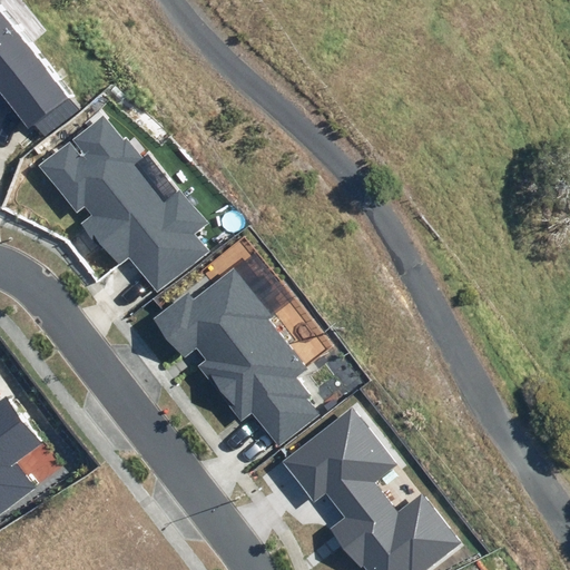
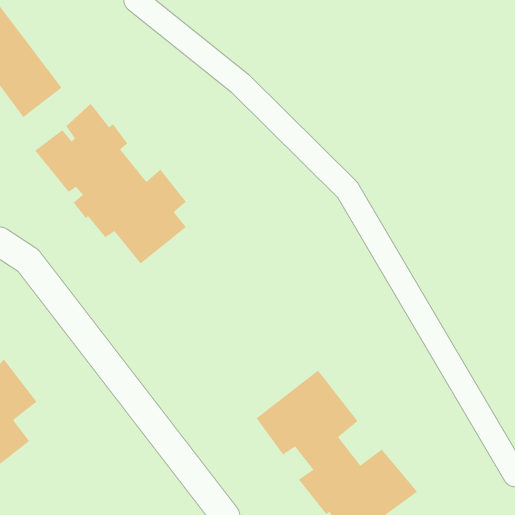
building: [154,268,317,445] -> none

